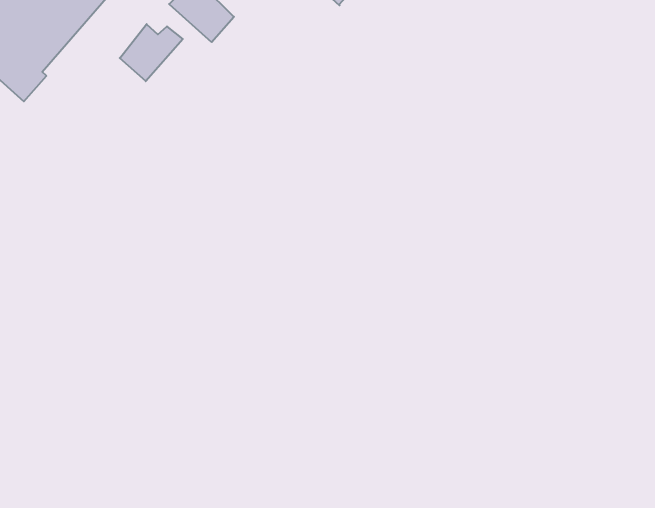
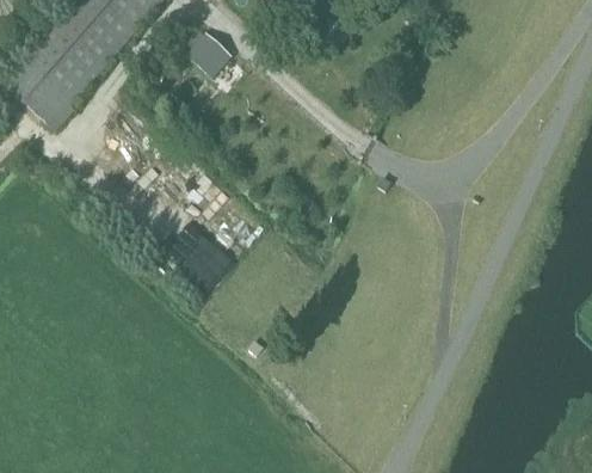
building: [120,24,183,81] -> none

